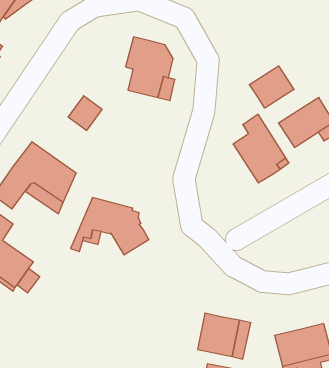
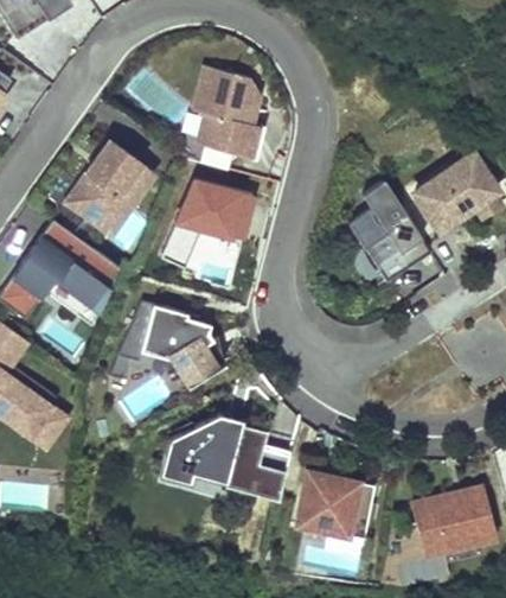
building: [249,66,294,108] -> none
building: none -> [66,139,134,234]
building: none -> [178,180,246,271]
building: none -> [160,412,292,497]

